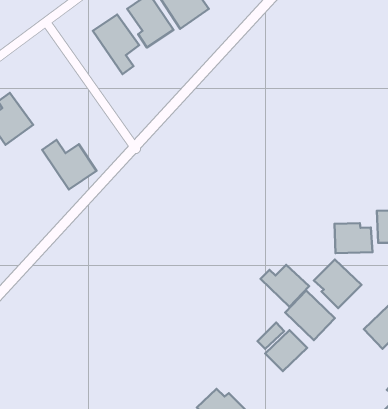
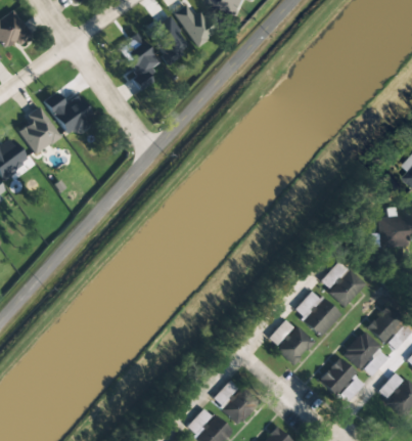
building: [42,140,96,190] -> [44,91,94,137]
building: [335,223,372,253] -> none
building: [261,265,309,307] -> none
building: none -> [341,332,379,368]
building: none -> [318,357,355,395]

